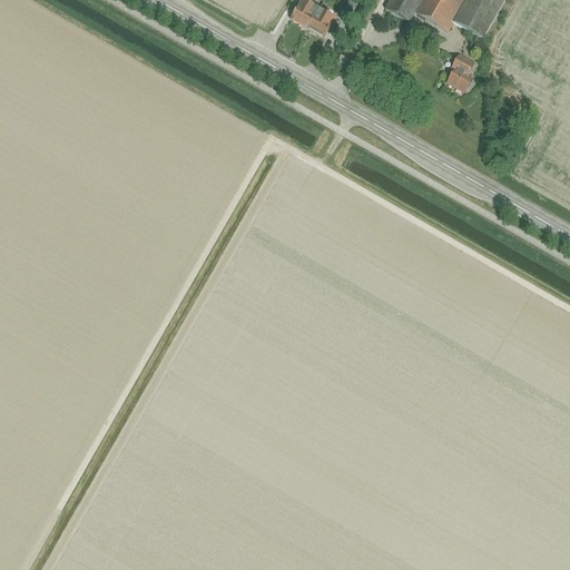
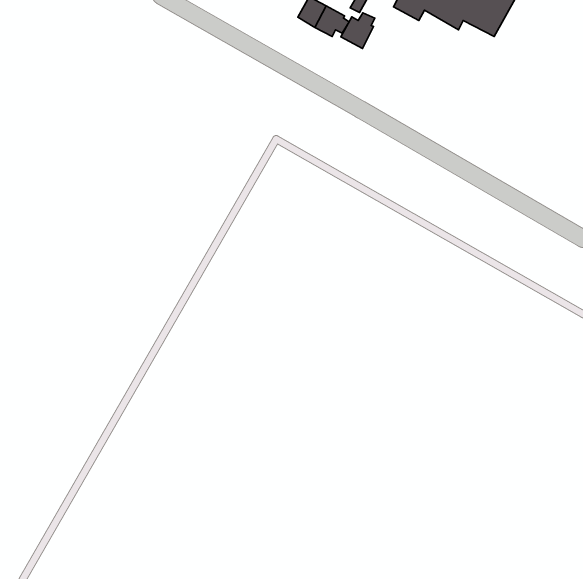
building: none -> [341,13,375,49]
building: [446,52,474,91] -> none

